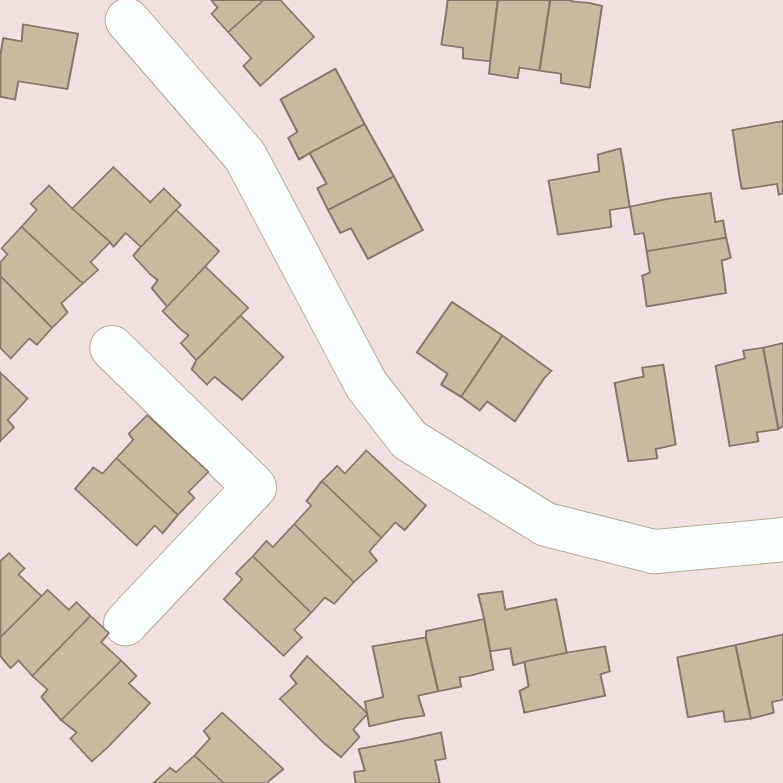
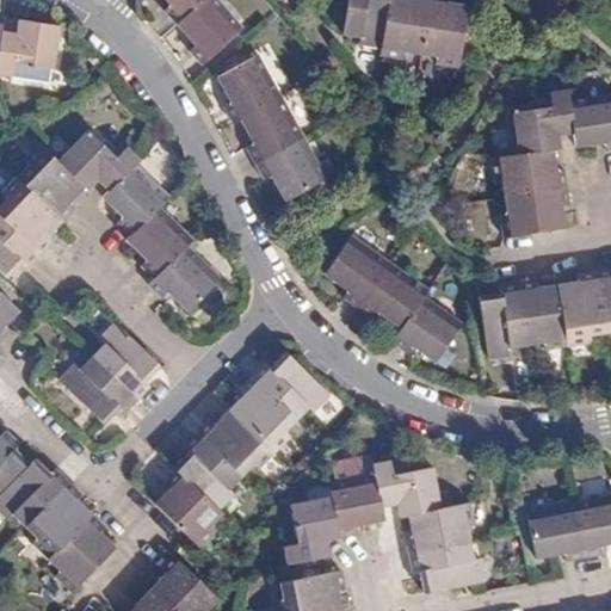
building: [549,149,630,234] -> [512,88,575,155]
building: none -> [517,280,568,351]
building: none -> [391,295,463,364]
building: [280,656,367,757] -> [155,469,223,548]
building: none -> [408,542,487,594]

